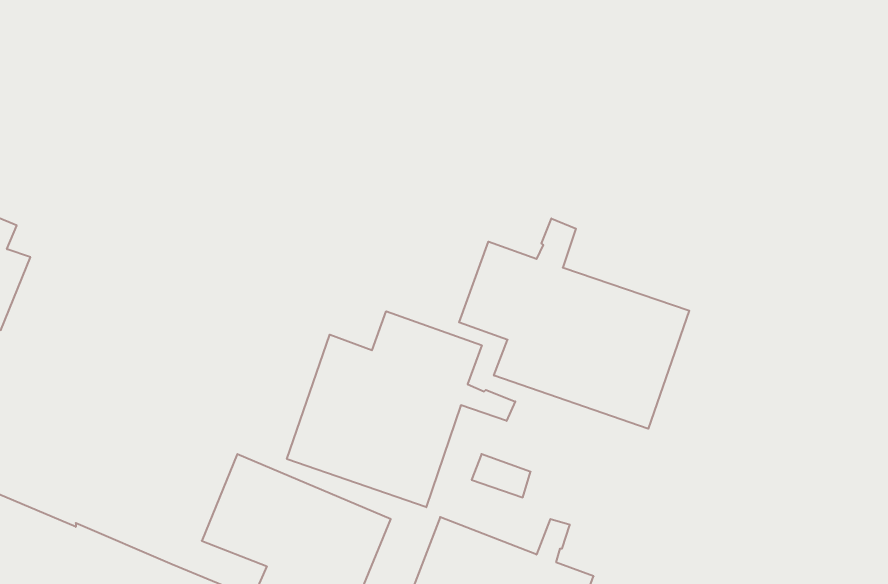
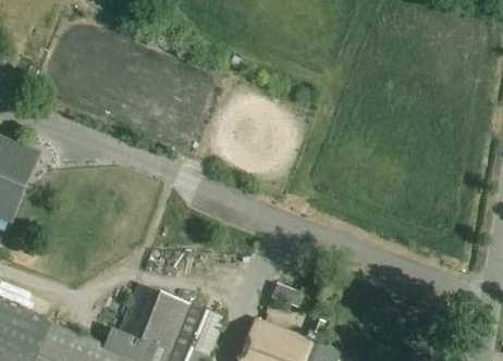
building: [459,218,689,429] -> none
building: [287,311,515,507] -> none

